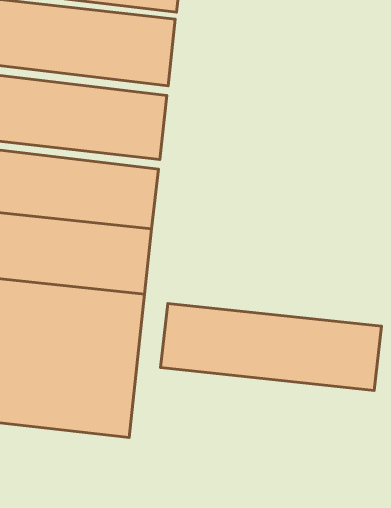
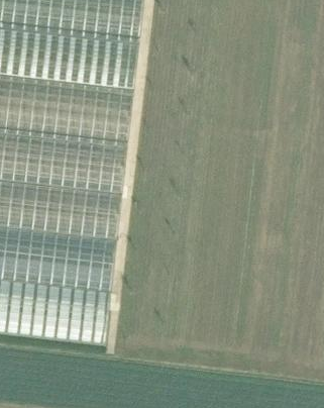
building: [161,303,381,390] -> none

